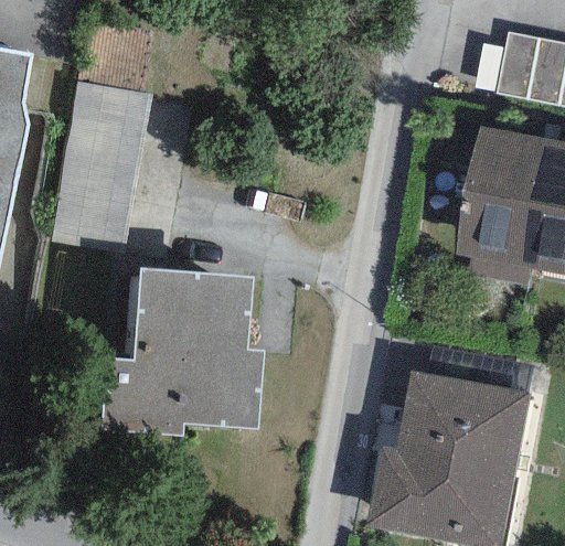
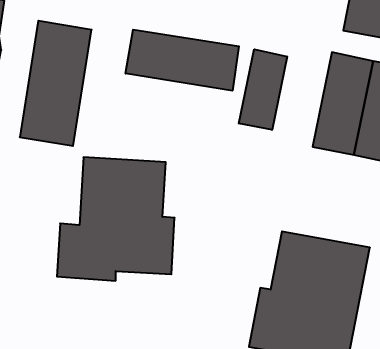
building: none -> [126,30,239,91]
building: none -> [239,49,287,130]

